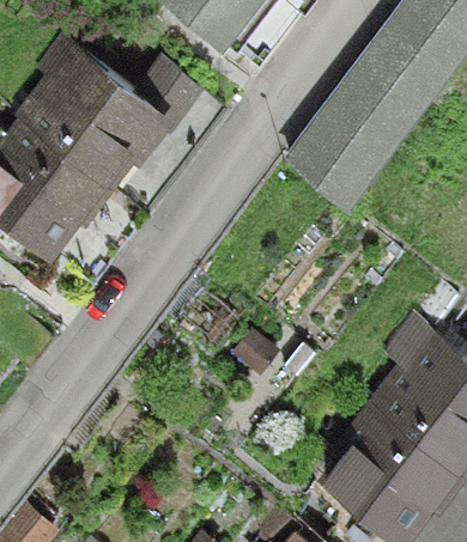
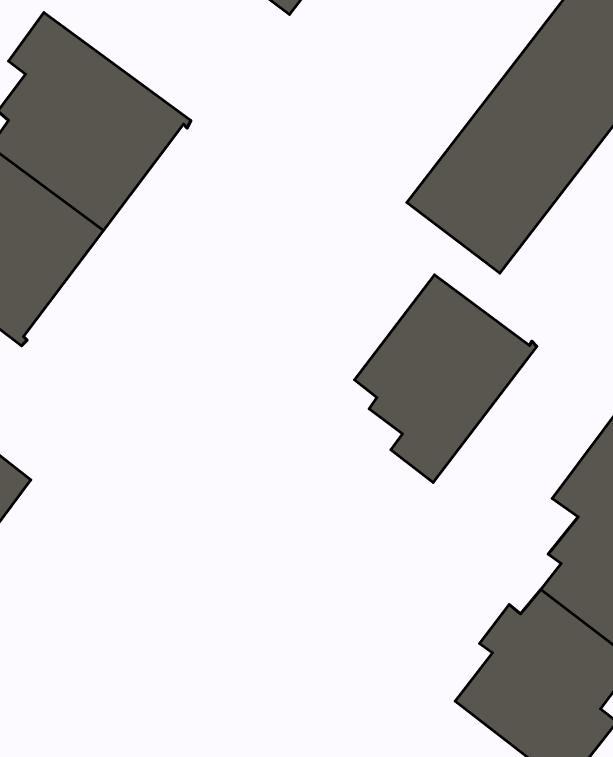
building: none -> [354,275,537,482]

